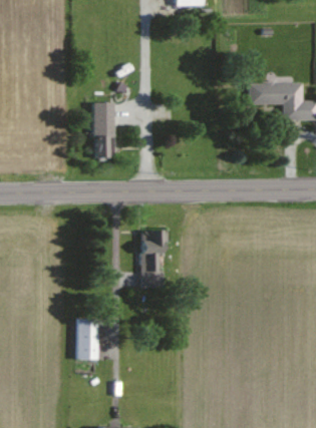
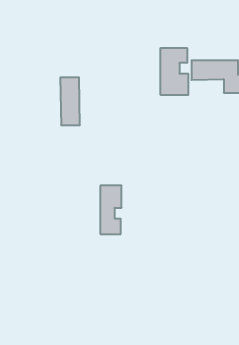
building: none -> [161,48,188,95]
building: [74,319,97,359] -> none

